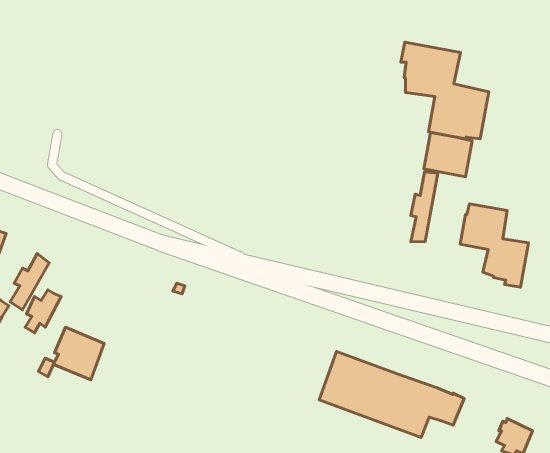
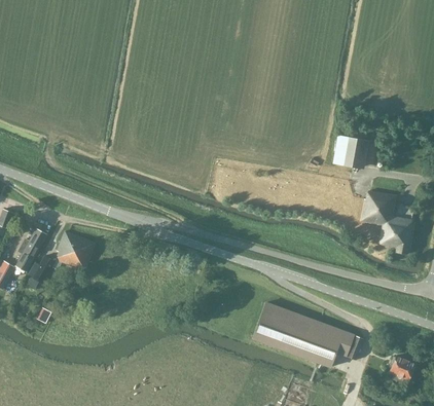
building: [401,42,489,139] -> none
building: [411,172,438,242] -> none
building: [55,327,104,380] -> [56,230,94,270]

